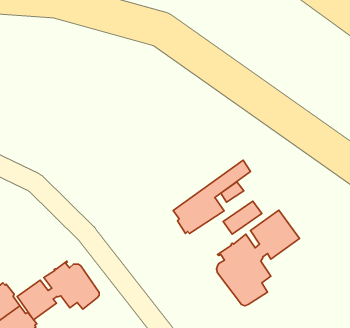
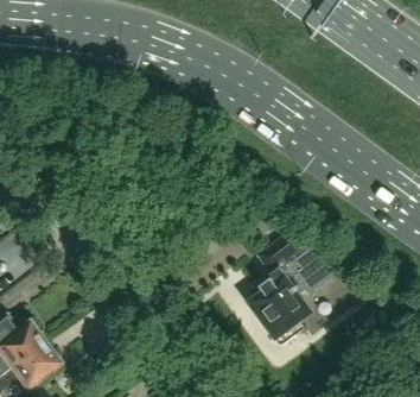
building: [173,160,251,234] -> none
building: [17,261,99,320] -> none

